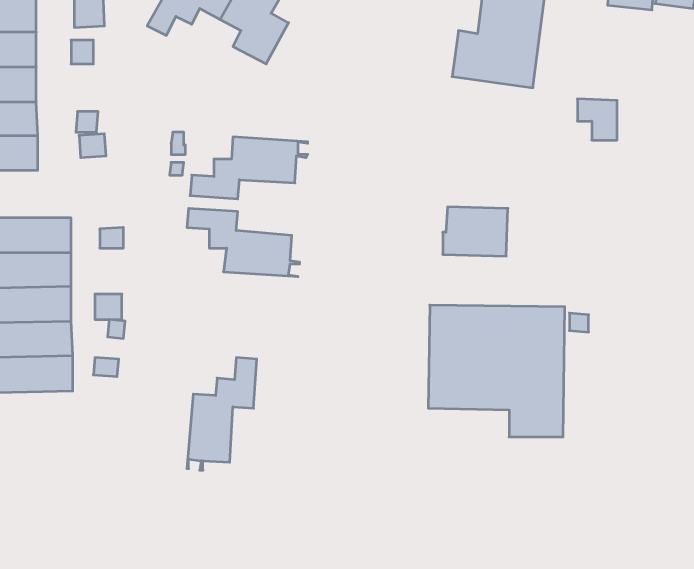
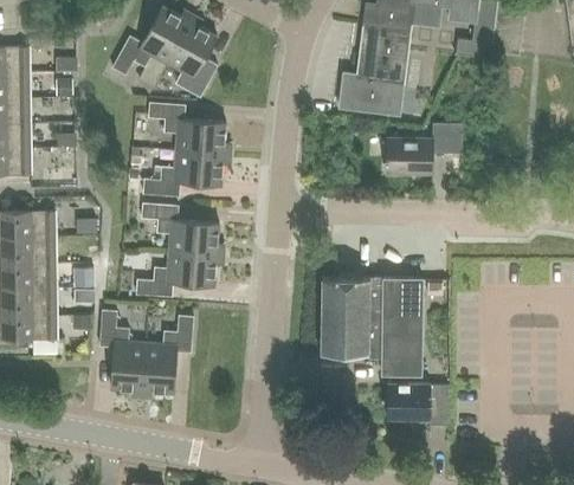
building: none -> [148,104,232,155]
building: [443,207,508,256] -> [385,138,433,175]
building: none -> [136,252,224,298]
building: none -> [99,311,146,399]
building: none -> [386,383,446,425]

